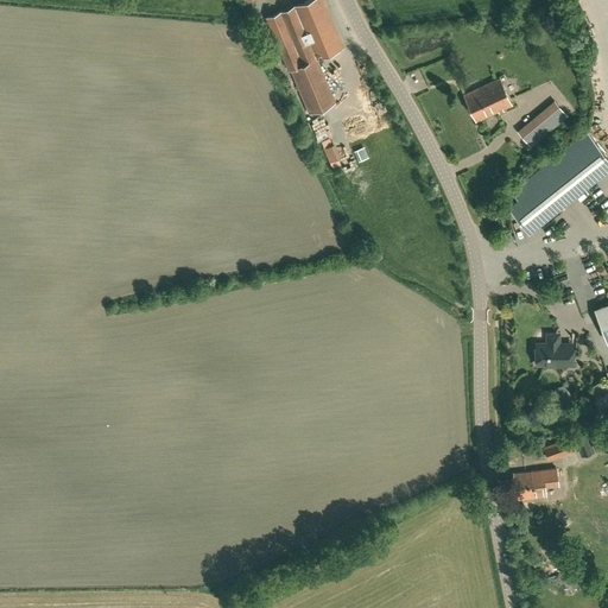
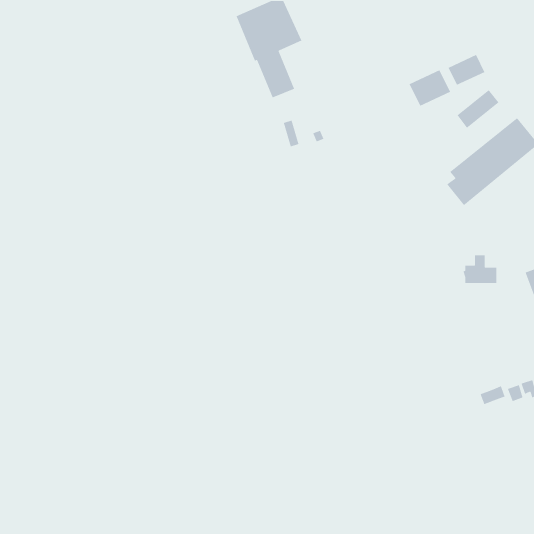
building: none -> [447,54,485,86]
building: [534,332,574,366] -> [463,254,497,284]
building: [515,468,558,500] -> none

